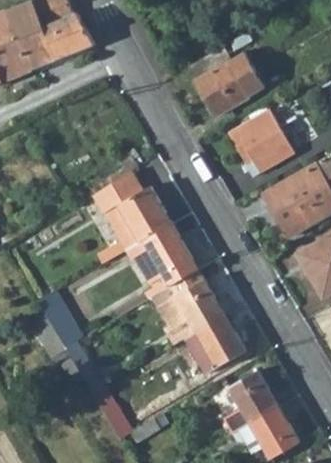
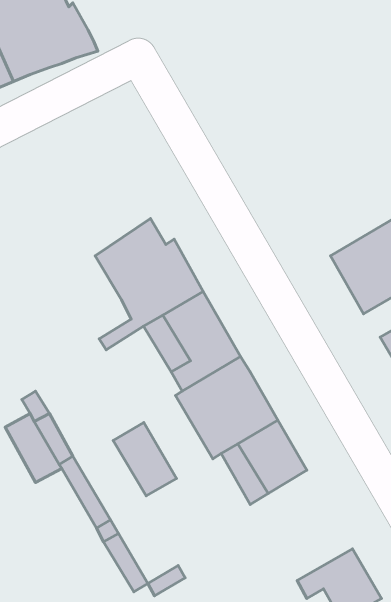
building: [186,31,264,116] -> none
building: [228,110,294,172] -> none
building: none -> [113,422,176,496]
building: [223,371,279,434] -> none

